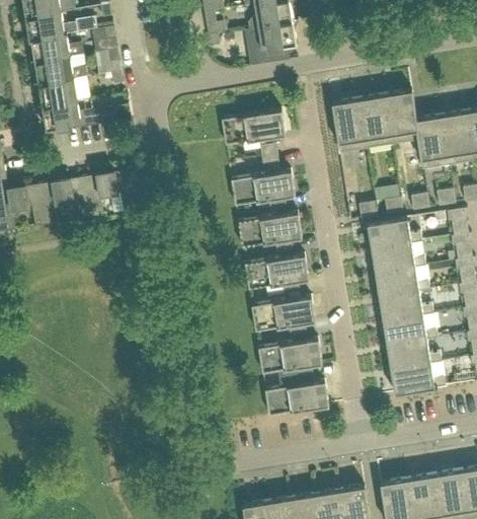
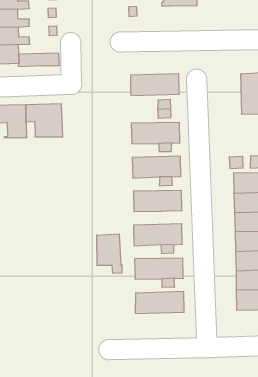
building: [257,19,297,50] -> none
building: [331,99,366,153] -> none
building: none -> [97,234,122,273]

